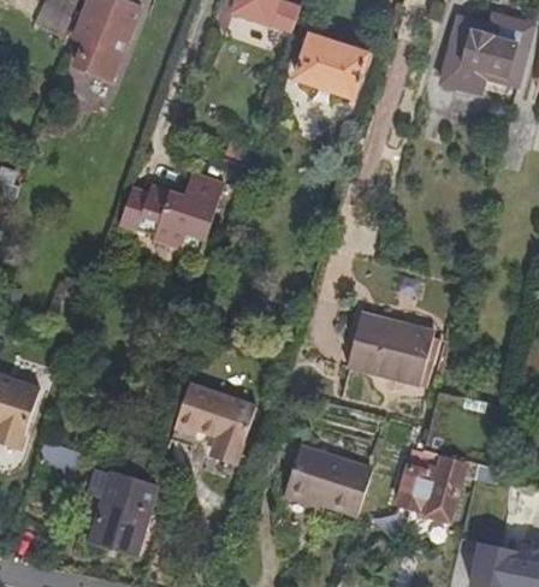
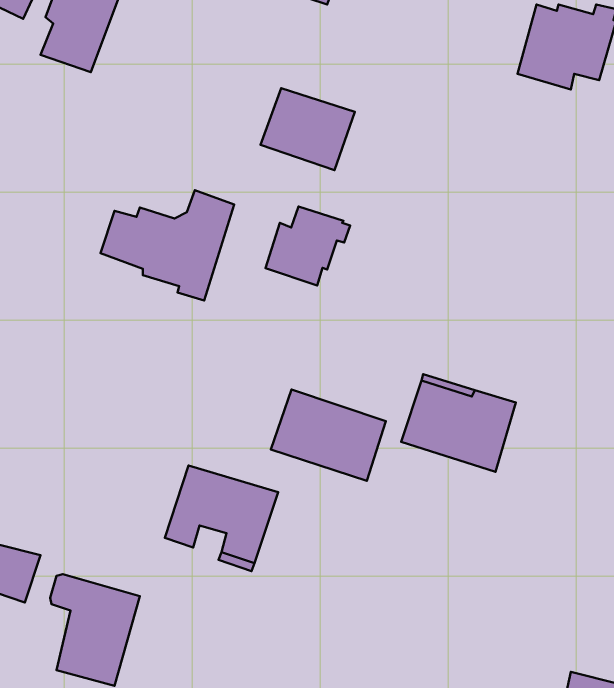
building: [296,37,368,100] -> [261,88,355,170]
building: none -> [266,207,350,285]
building: [286,435,374,505] -> [271,390,386,481]
building: [396,452,478,522] -> none

